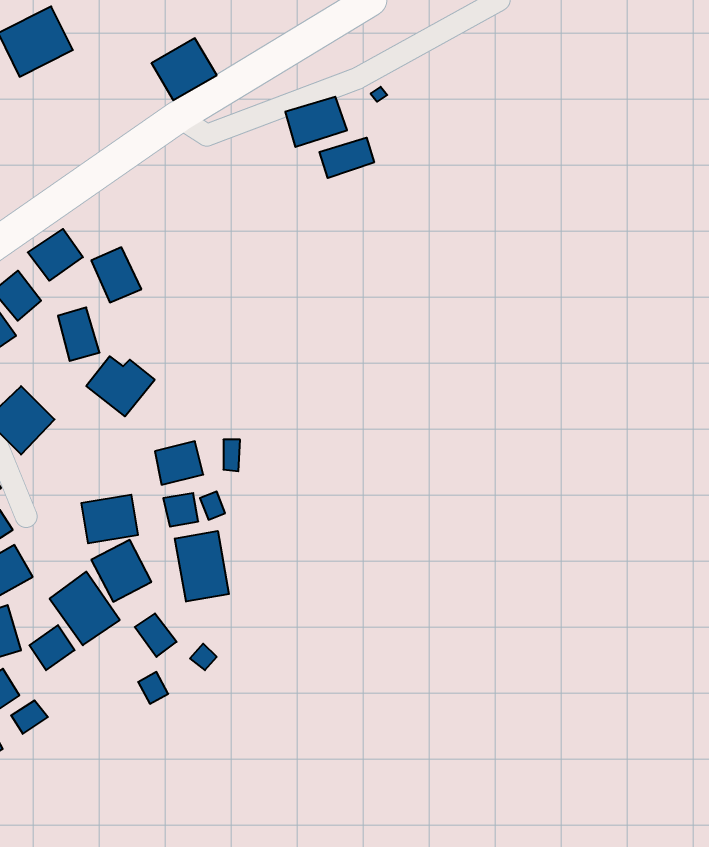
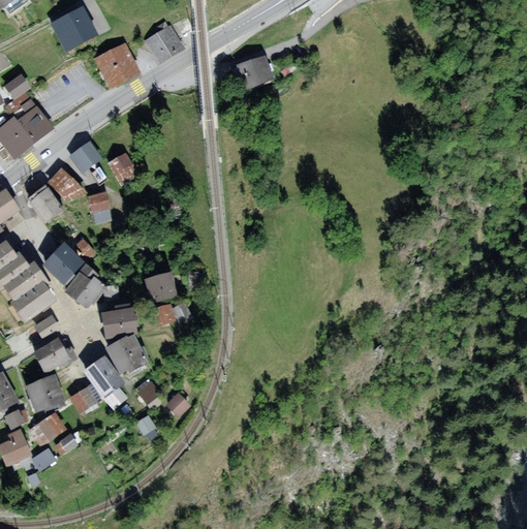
building: none -> [100,43,140,83]
building: [319,138,374,178] -> none
building: [86,356,155,416] -> [67,269,110,306]
building: [175,531,229,602] -> none

